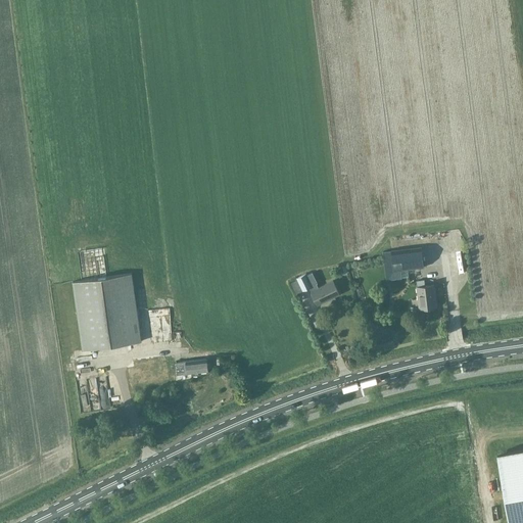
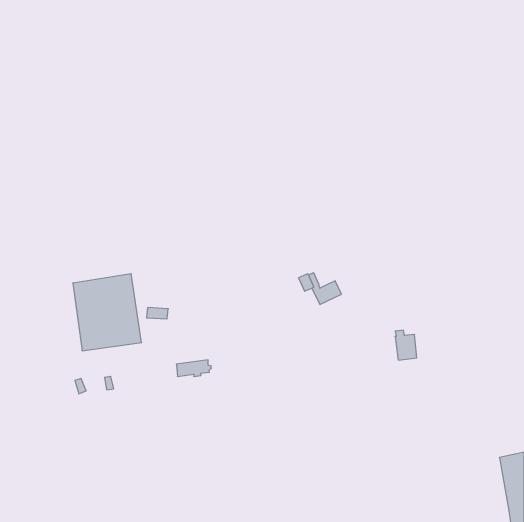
building: [391,248,423,273] -> none
building: [416,282,437,312] -> [395,330,417,360]

